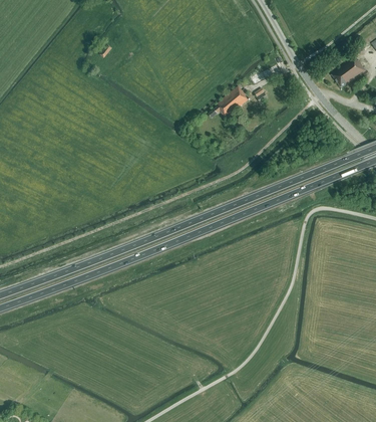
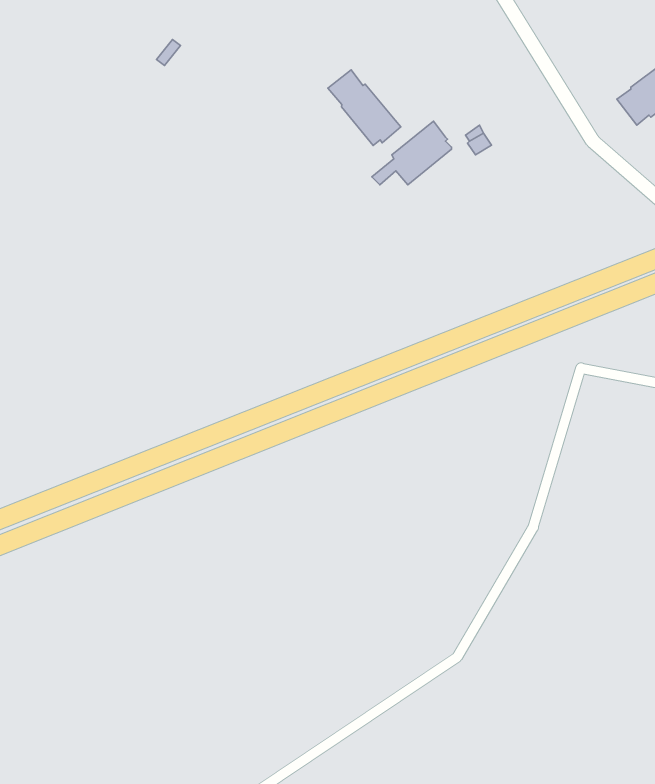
building: none -> [328,70,401,146]

